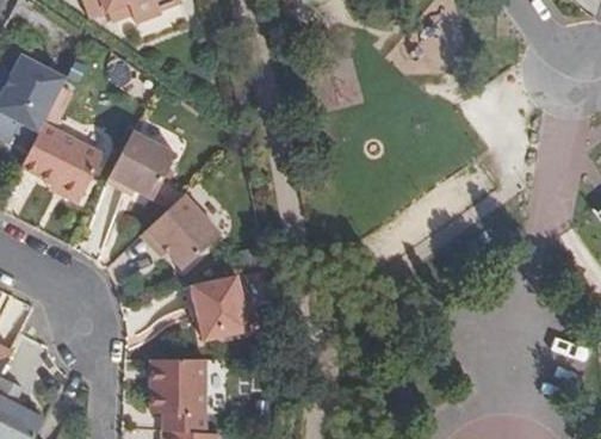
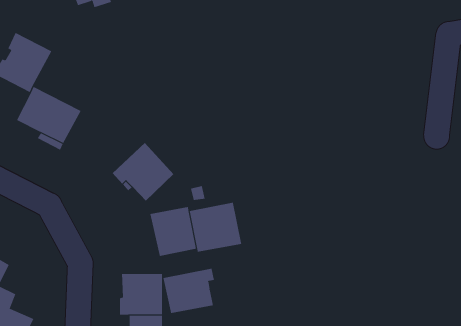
building: [106,132,175,199] -> none
building: none -> [189,202,242,252]
building: none -> [163,268,215,314]

